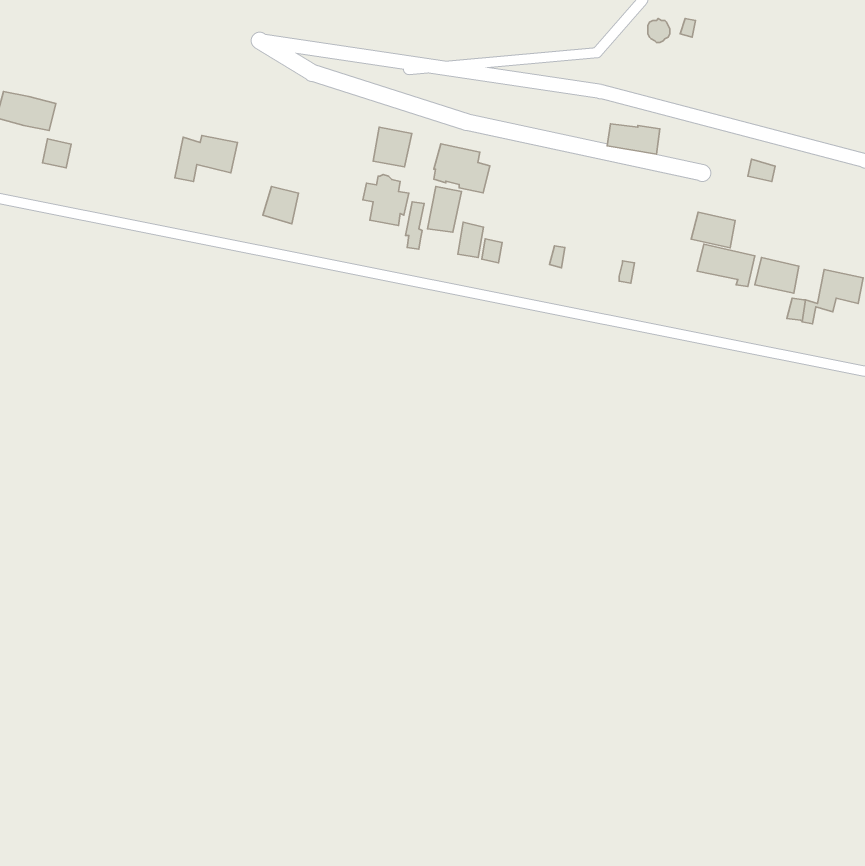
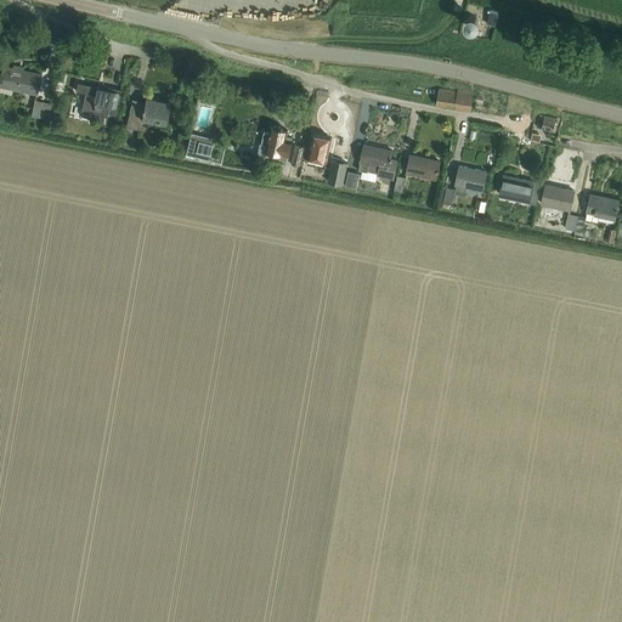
building: none -> [74,83,121,125]
building: [373,127,412,167] -> none
building: [434,144,490,193] -> [358,145,398,180]
building: [691,212,735,248] -> [454,165,486,191]
building: none -> [406,154,440,180]

